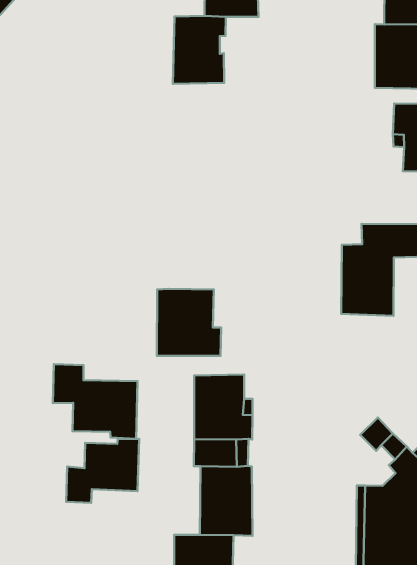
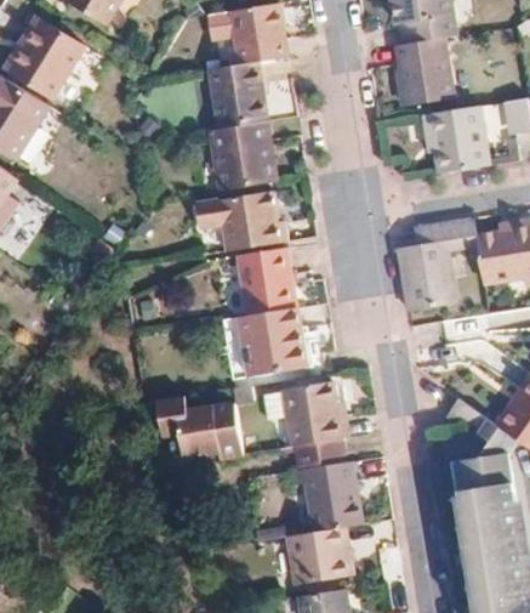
building: none -> [209,121,277,191]
building: none -> [194,193,286,250]
building: none -> [239,248,296,314]
building: [66,439,139,503] -> none

